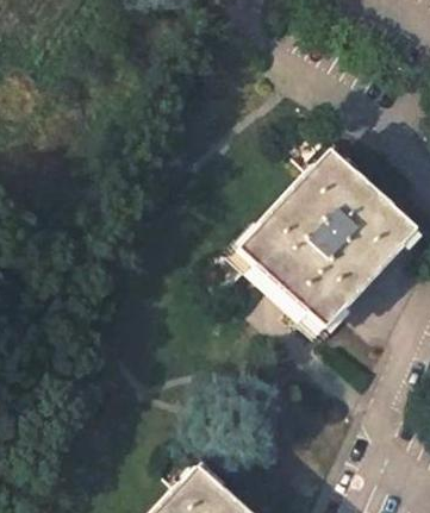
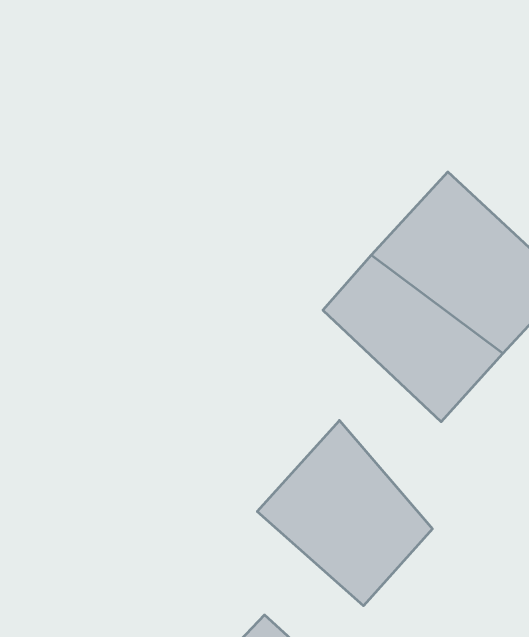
building: none -> [257,420,432,606]

